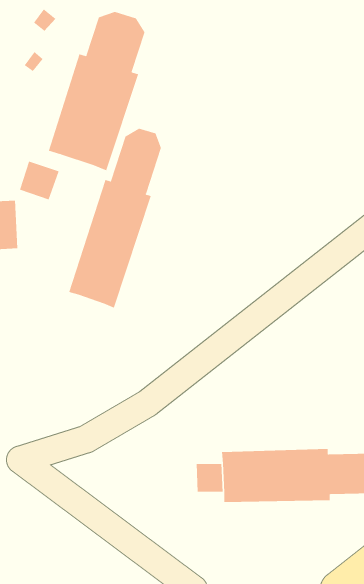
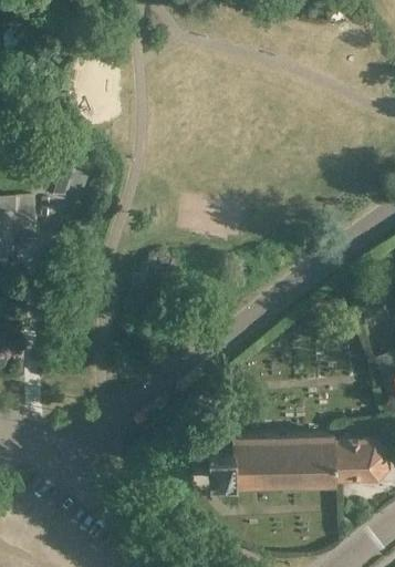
building: [48,11,145,171] -> none
building: [69,128,161,308] -> none

